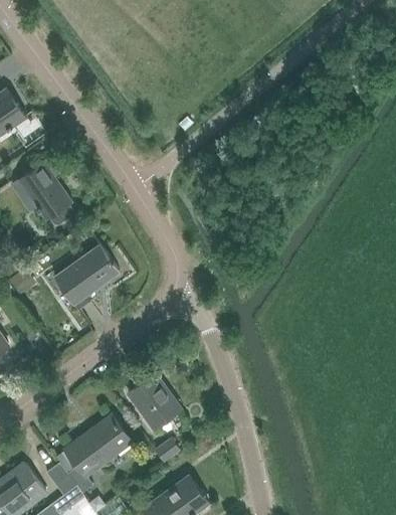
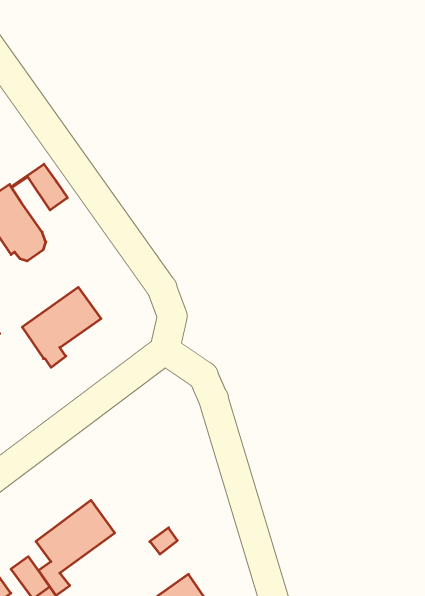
building: none -> [11,164,67,210]
building: [128,375,180,430] -> none

